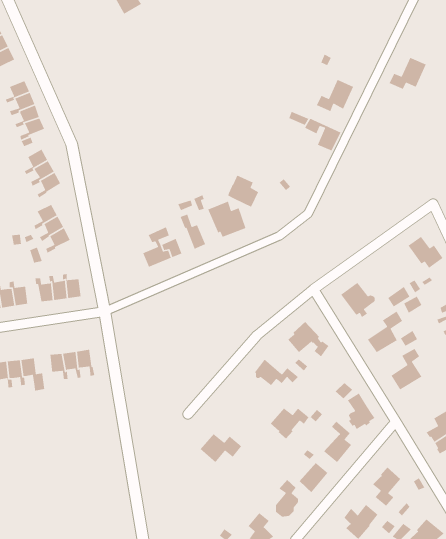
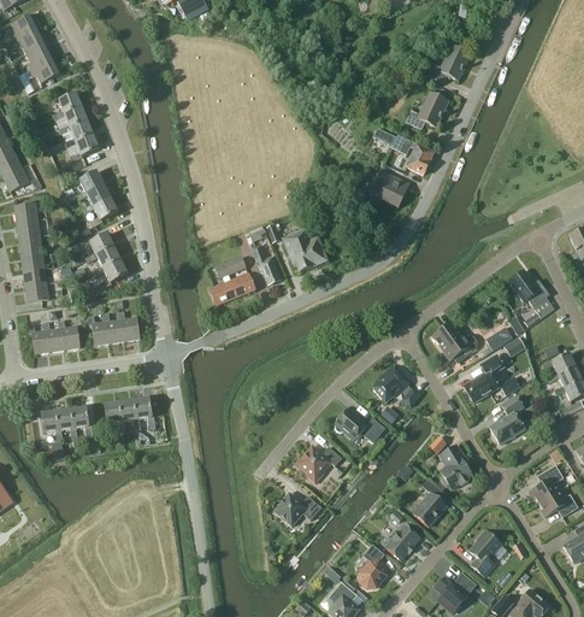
building: [388,57,427,90] -> [426,45,470,82]
building: [227,175,259,208] -> [370,170,406,207]
building: [270,408,309,440] -> [296,446,341,482]

